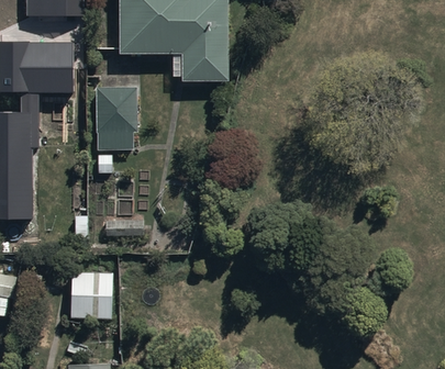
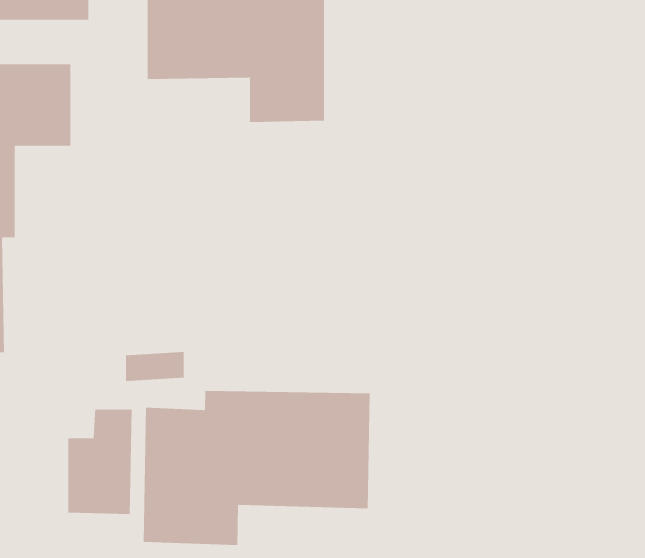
building: [94,87,135,172] -> none
building: none -> [143,390,371,546]

